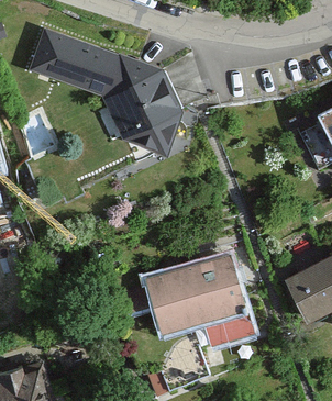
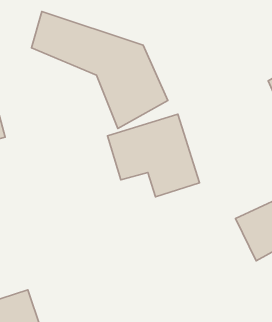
building: [145,252,253,348] -> [108,114,200,197]

